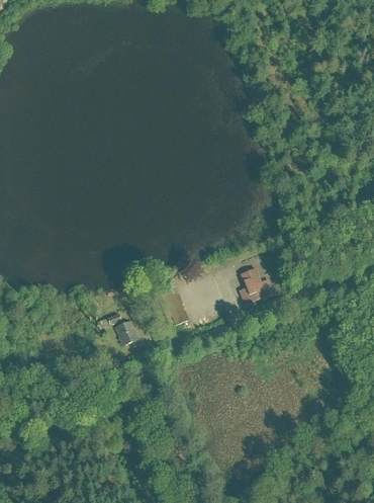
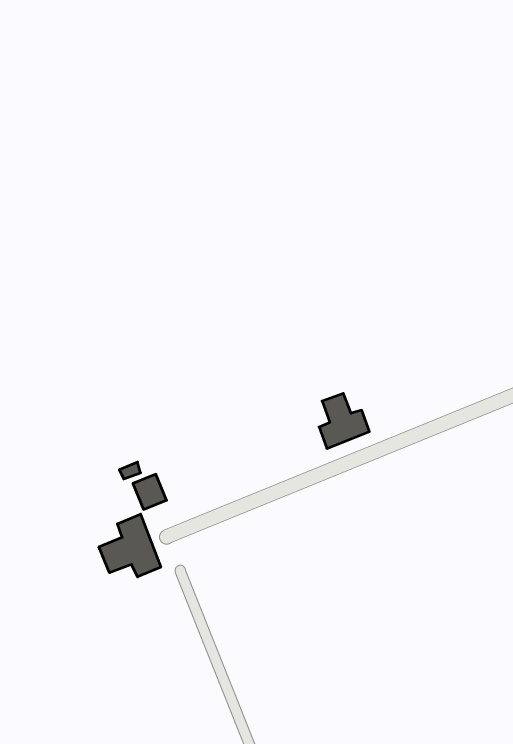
building: none -> [99,514,161,577]

